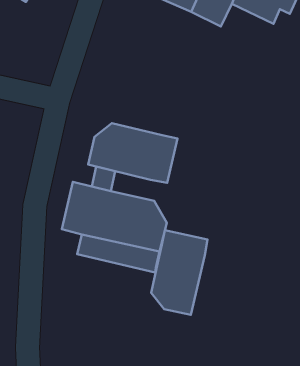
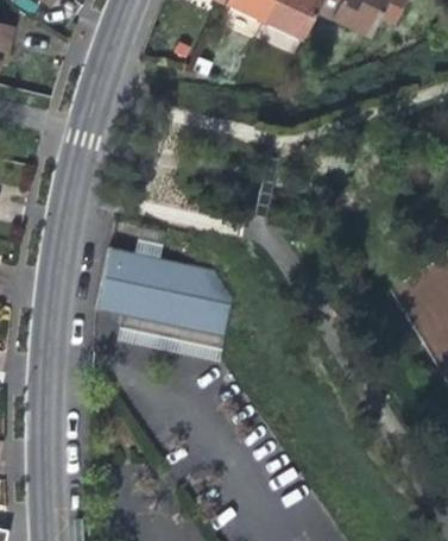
building: [88,123,177,183] -> none
building: [151,230,207,315] -> none

